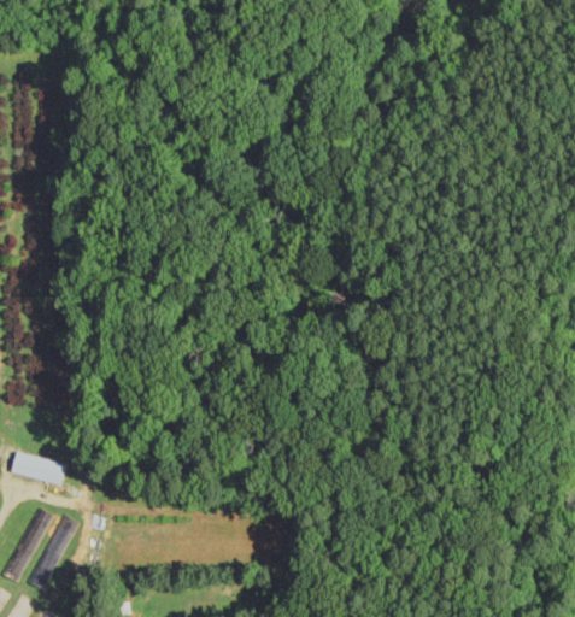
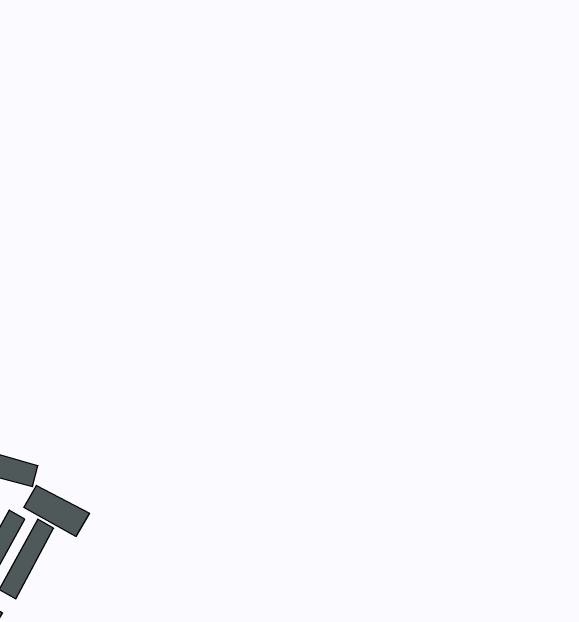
building: none -> [24,485,90,536]

